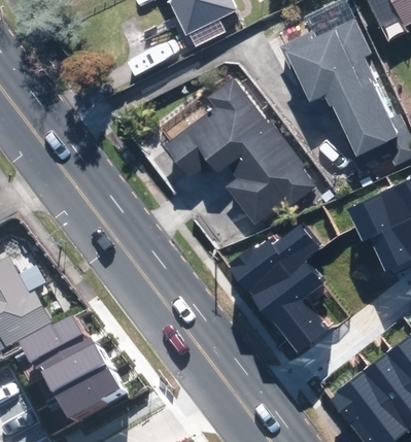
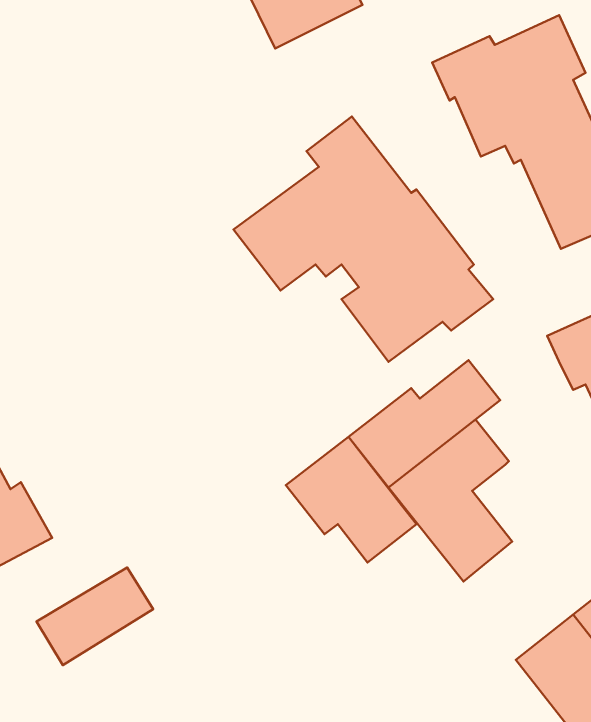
building: none -> [286,437,416,563]
building: [30,318,99,376] -> none
building: [61,369,130,427] -> none

